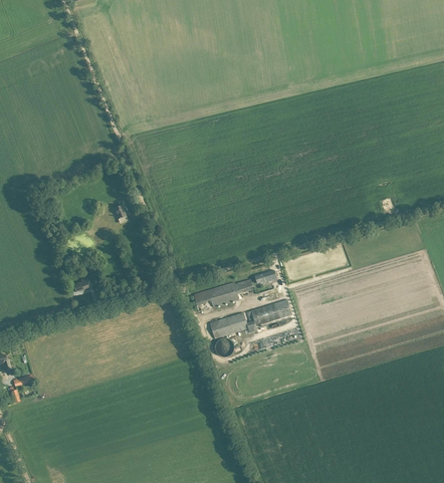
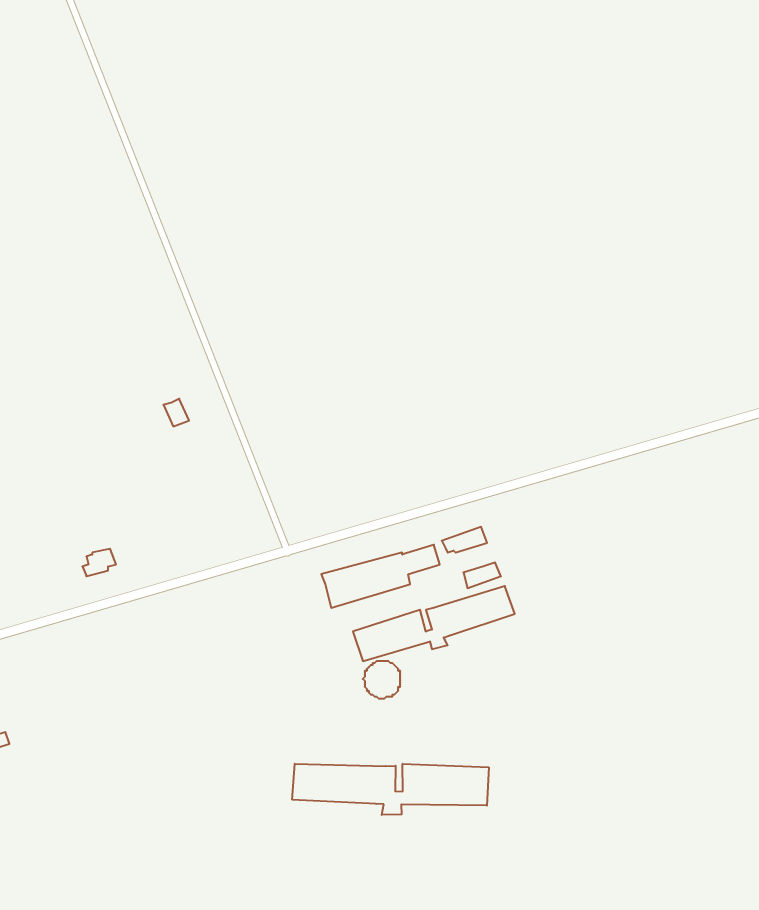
building: none -> [292,764,489,815]

